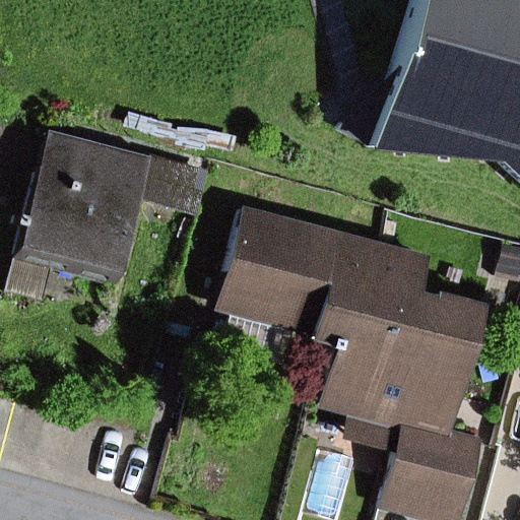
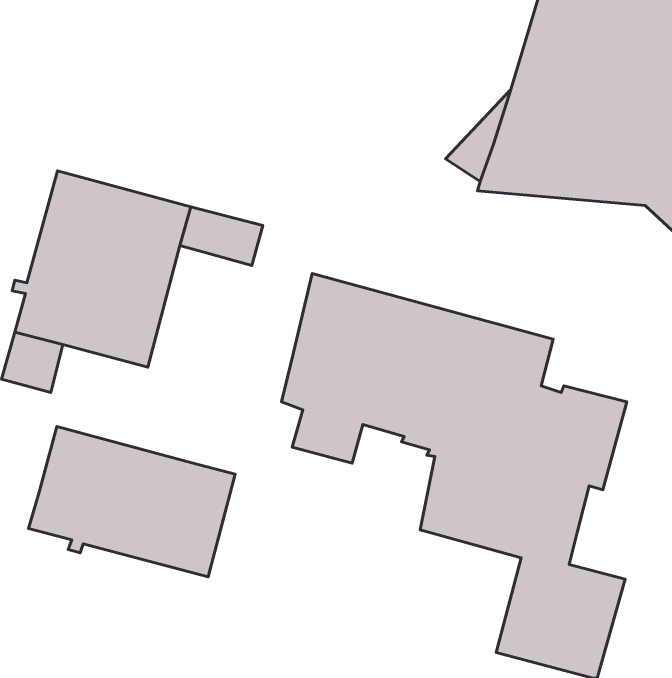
building: none -> [29,427,235,577]

